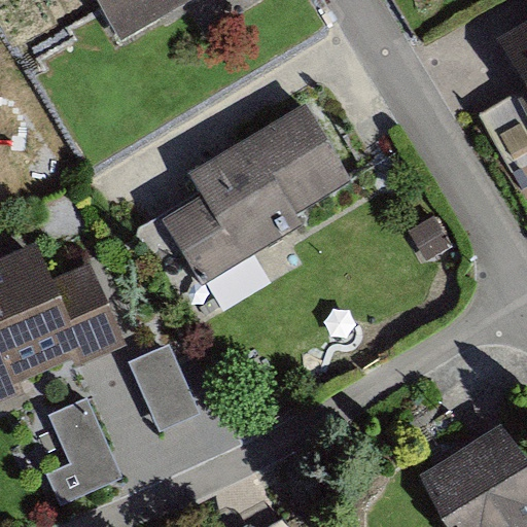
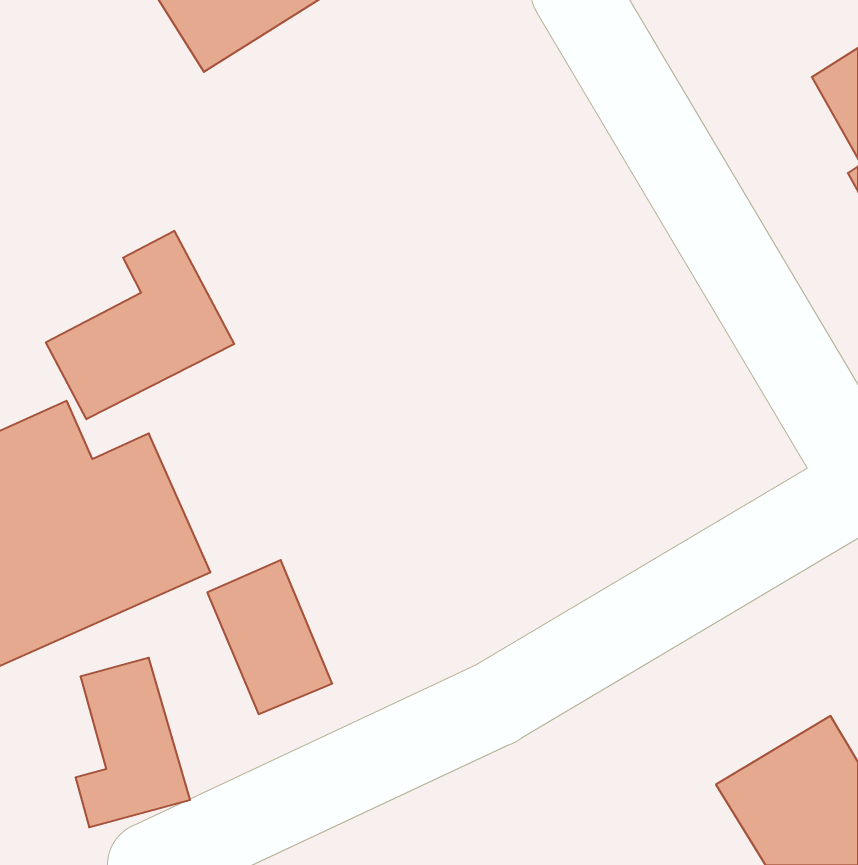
building: [173,109,352,286] -> none
building: none -> [46,231,234,419]

